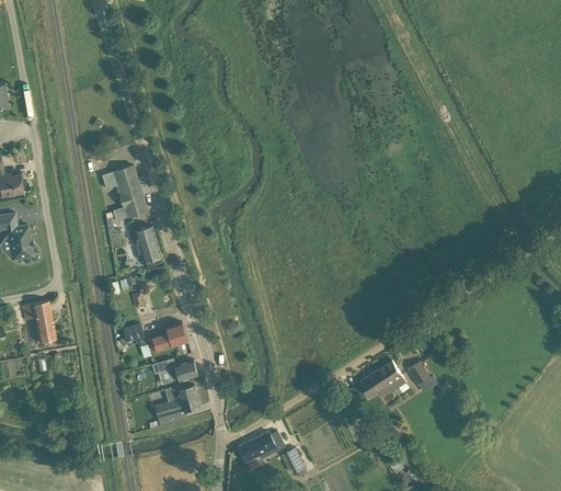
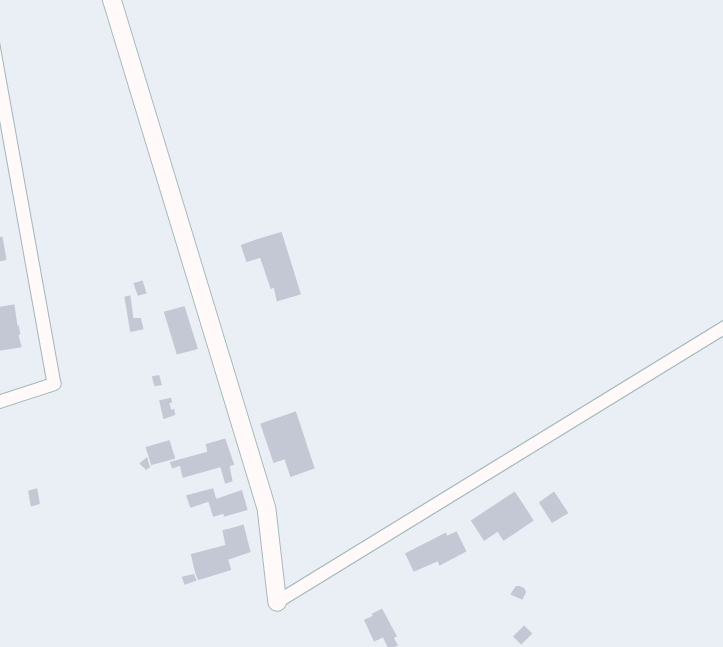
building: [102,167,147,218] -> [240,231,302,302]
building: [22,301,55,343] -> none
building: none -> [259,410,316,478]
building: [238,432,284,463] -> [404,530,467,573]

